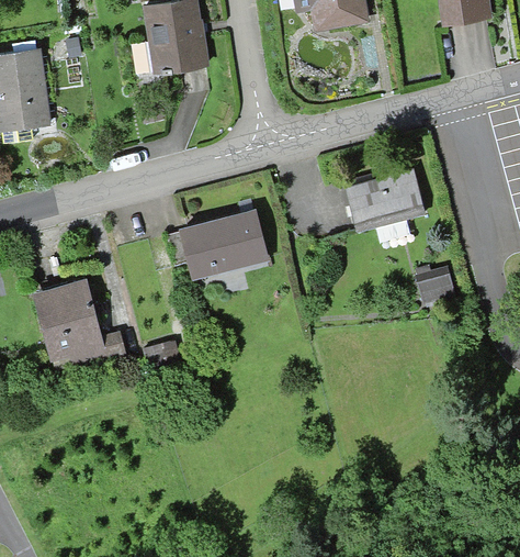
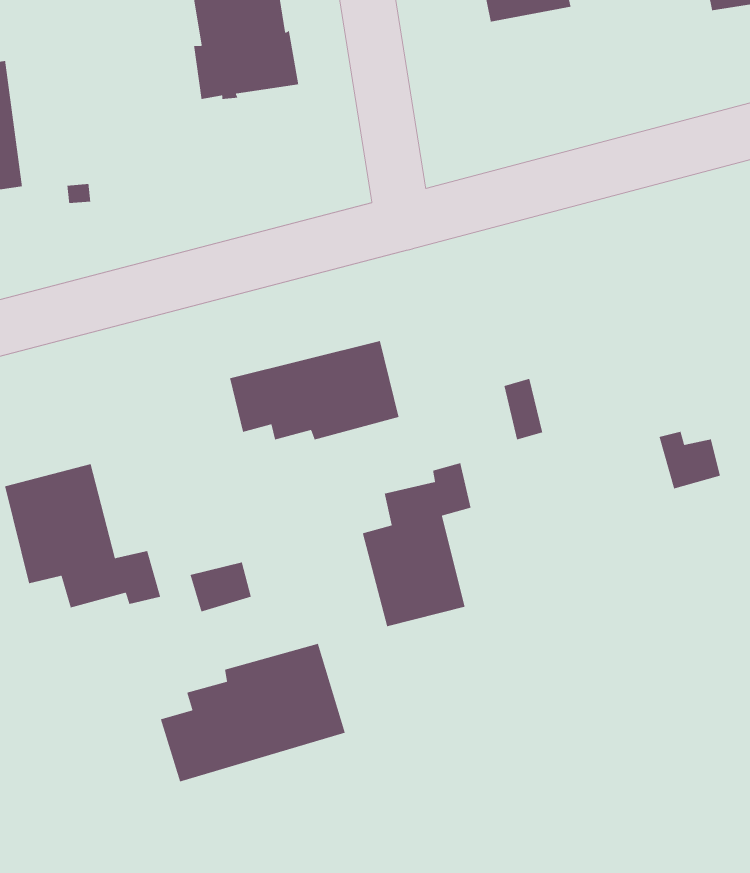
building: [346,170,426,241] -> none
building: none -> [362,462,472,627]
building: none -> [160,643,346,783]

